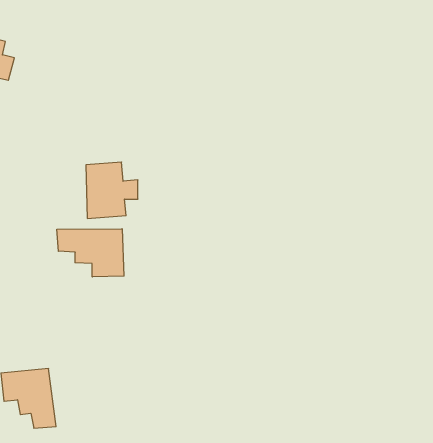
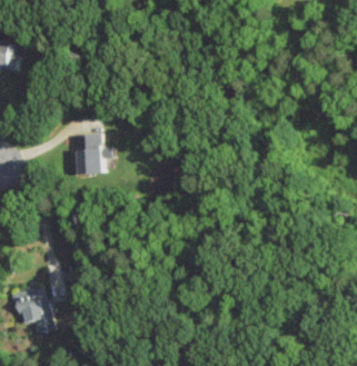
building: [57,229,124,277] -> none

